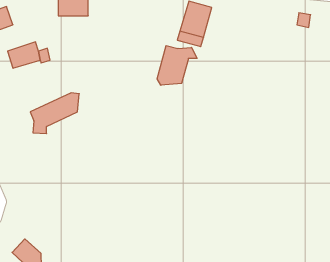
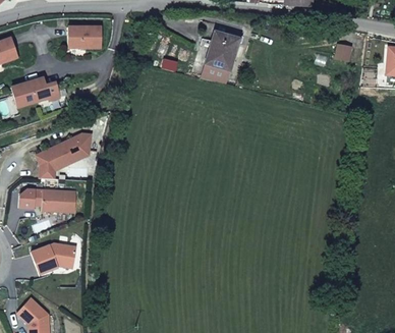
building: [157,46,197,85] -> none
building: none -> [34,189,76,212]
building: none -> [31,242,76,274]

